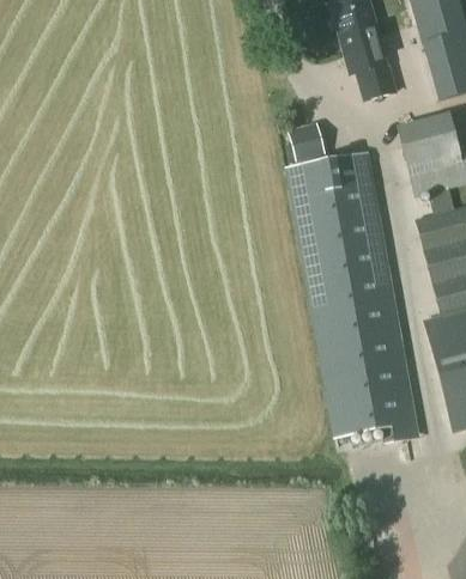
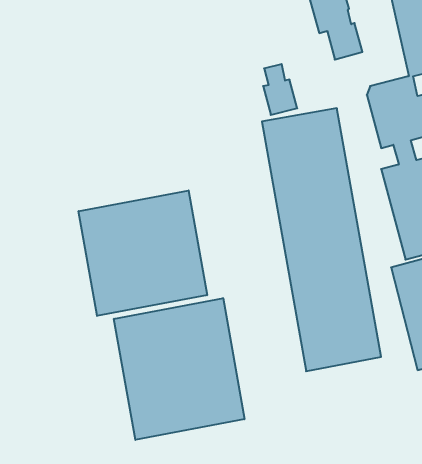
building: none -> [79,190,207,316]
building: none -> [114,298,244,440]

